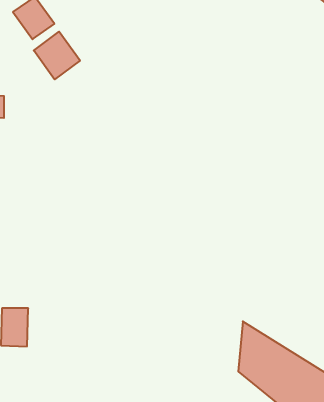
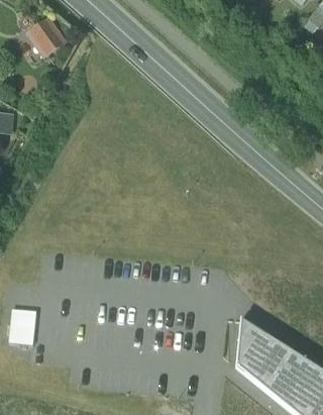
building: [34,32,80,79] -> none

